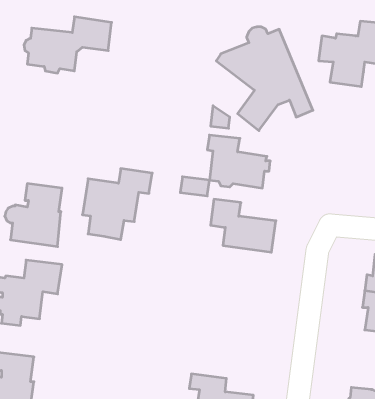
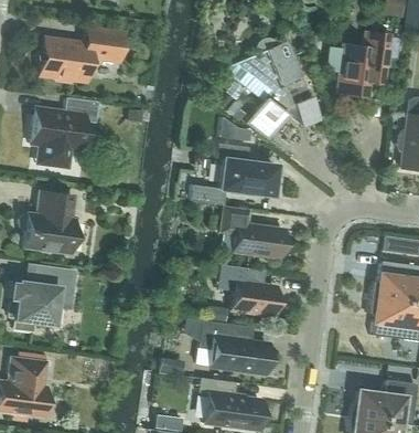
building: [82,169,152,240] -> [32,98,100,168]
building: none -> [219,265,281,317]
building: none -> [198,321,270,373]

